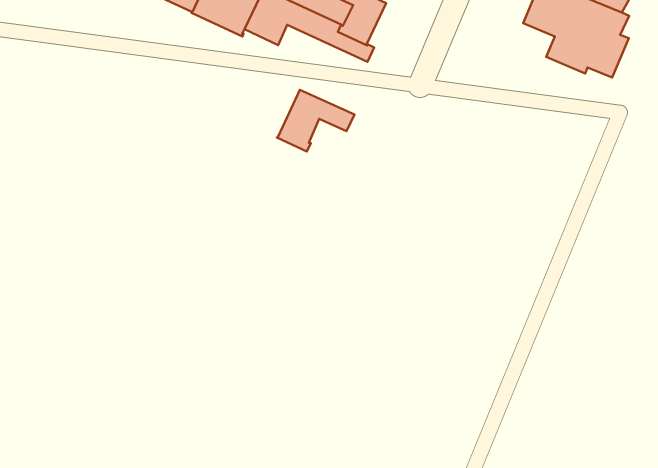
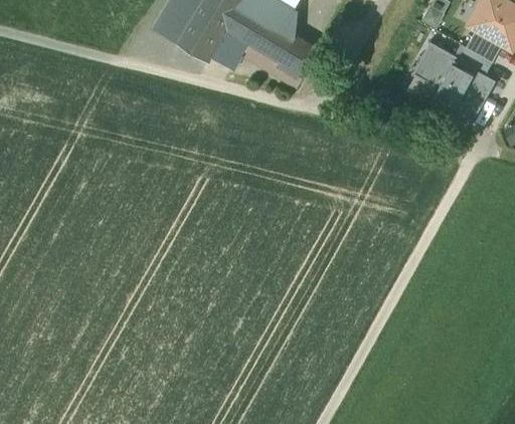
building: [277,90,354,152] -> none

